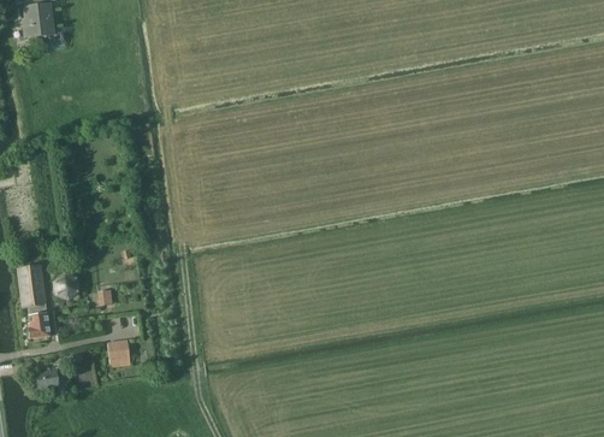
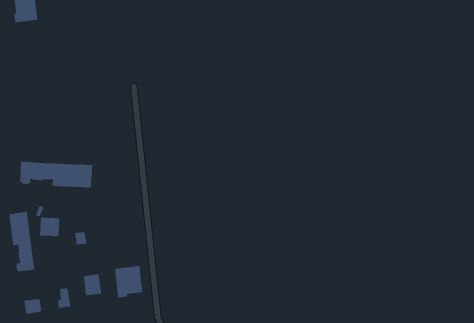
building: none -> [20,161,93,188]
building: none -> [114,265,143,298]

